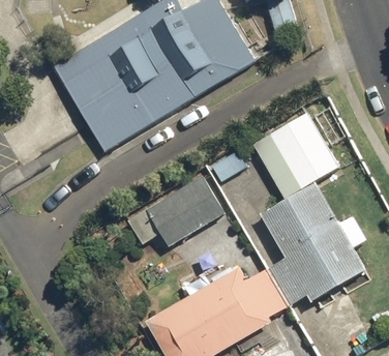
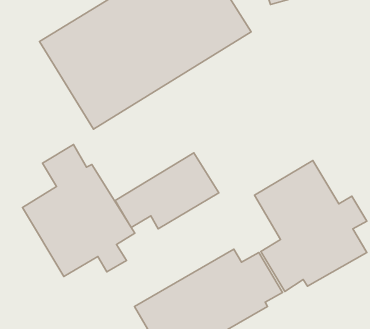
building: [268,112,337,188] -> none
building: none -> [22,144,135,276]

